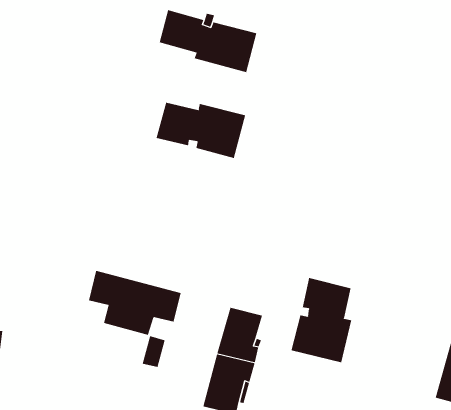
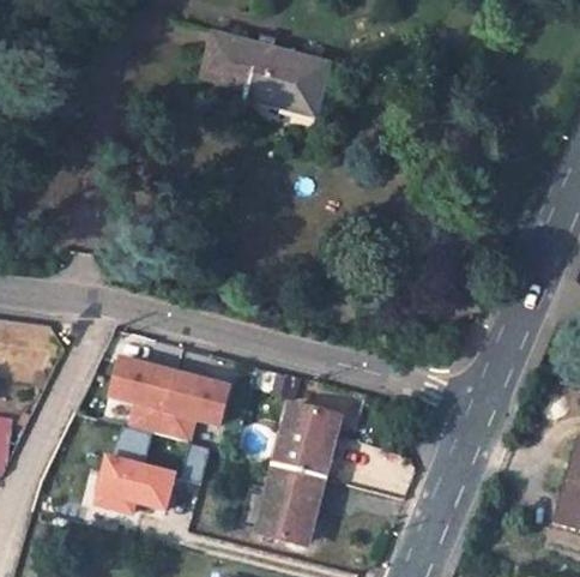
building: [156,102,246,159] -> none
building: [291,277,352,363] -> none
building: none -> [98,426,175,509]

